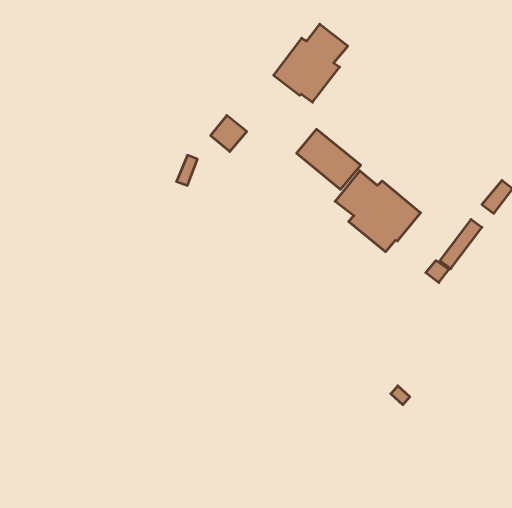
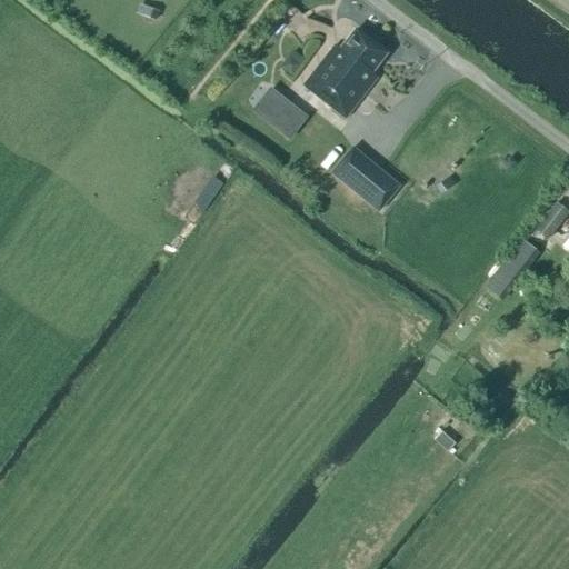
building: [211,115,247,152] -> [261,91,301,131]
building: [335,171,421,252] -> none

